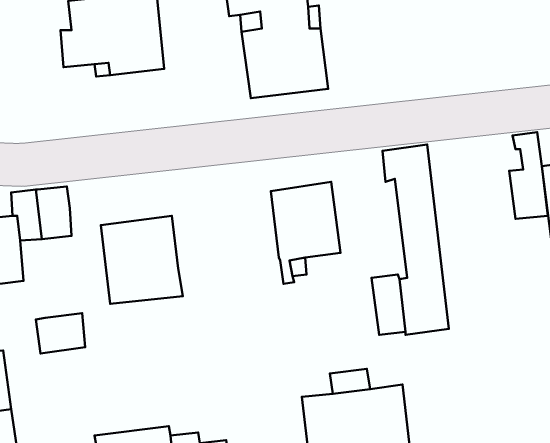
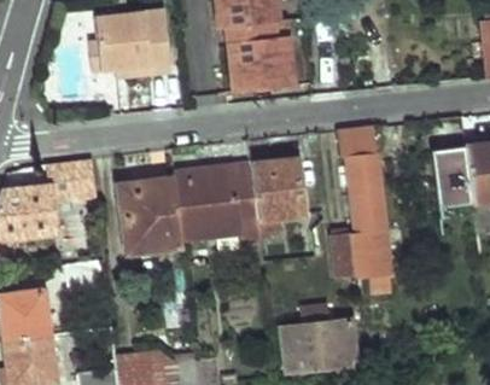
building: none -> [173,165,258,226]

